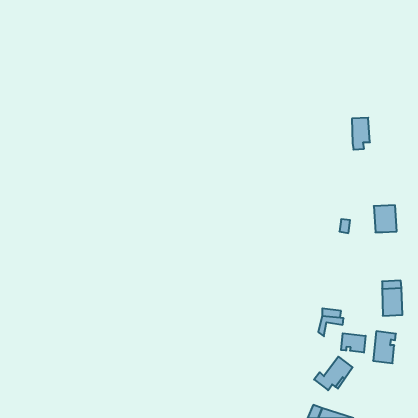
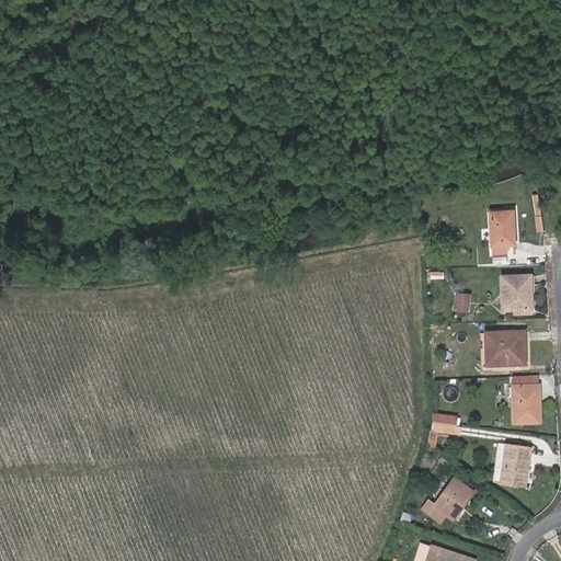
building: [352,118,370,150] -> [490,210,514,253]
building: none -> [485,332,524,366]
building: [341,333,366,353] -> none

